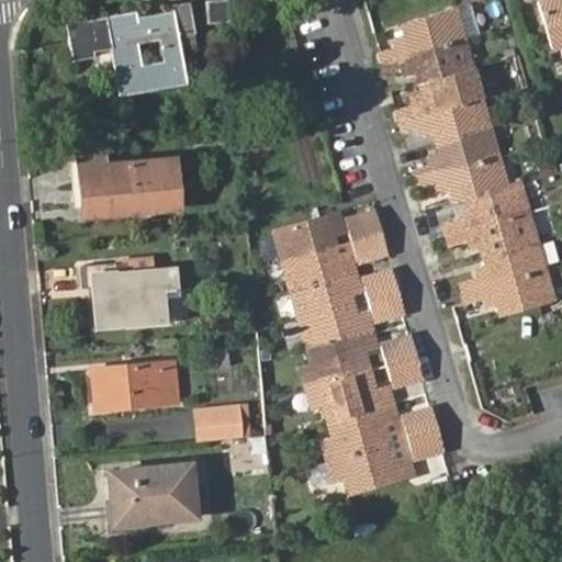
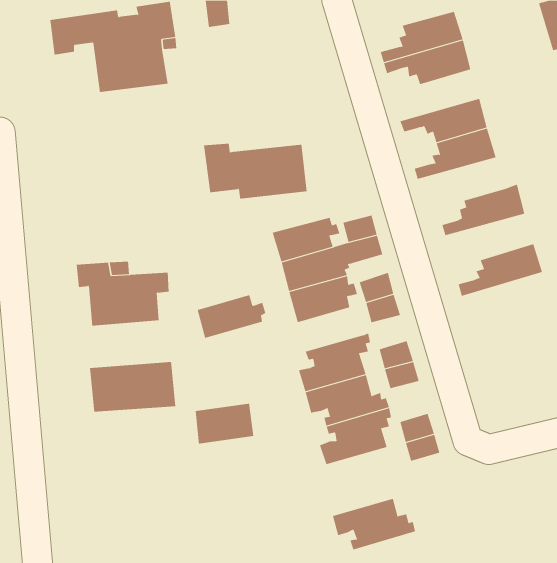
building: [401,69,484,121] -> none
building: [78,155,182,211] -> [203,143,308,199]
building: [422,157,509,203] -> none
building: [449,213,538,259] -> none
building: [465,271,555,316] -> none
building: [302,306,371,350] -> [197,294,266,338]
building: [330,446,414,497] -> [332,498,416,550]
building: [105,467,199,527] -> none

